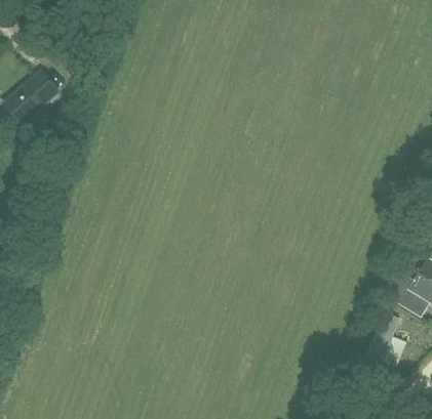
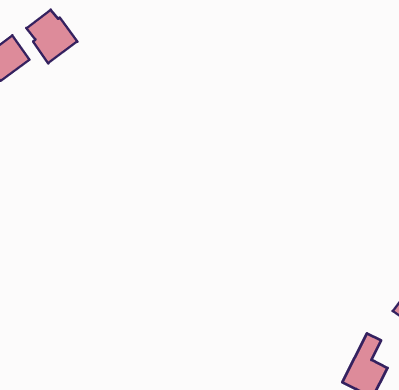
building: none -> [26,10,77,63]

